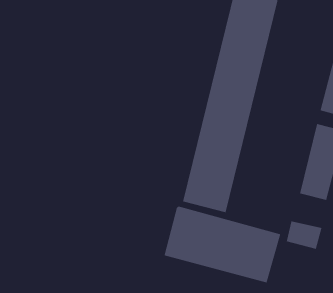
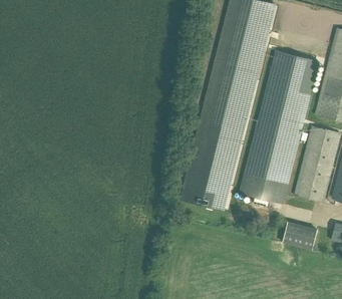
building: none -> [238,51,318,206]
building: [164,205,281,284] -> none

